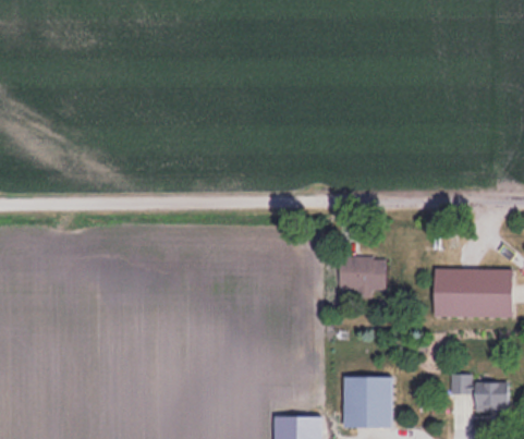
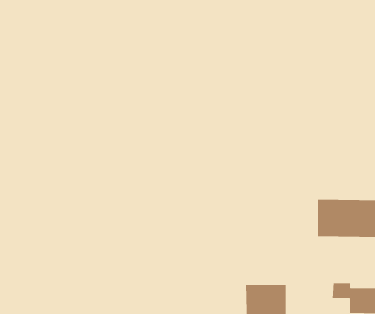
building: [339,256,387,297] -> none

